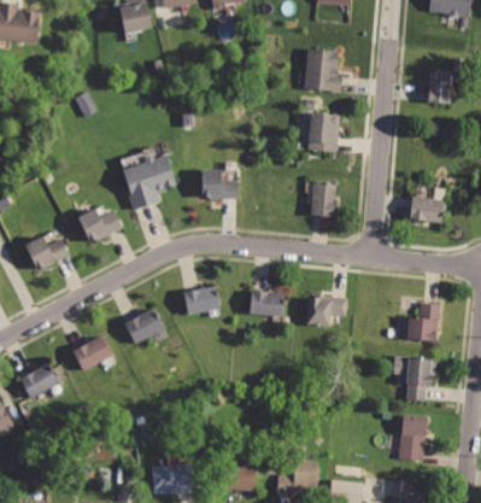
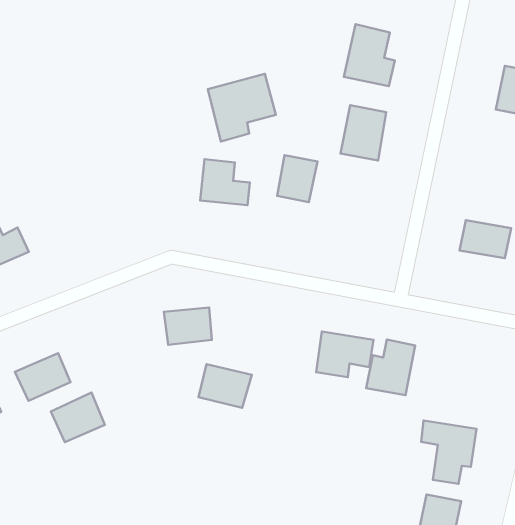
building: [121,152,176,209] -> [208,74,276,141]
building: [309,181,338,216] -> [277,155,318,202]
building: [75,205,124,246] -> none
building: [245,286,285,317] -> [199,364,252,408]
building: [406,299,441,341] -> [366,340,415,395]
building: [123,303,166,344] -> [51,393,105,442]

